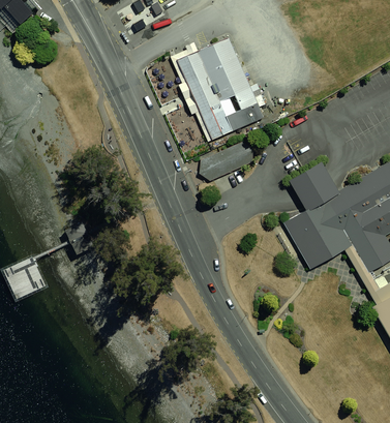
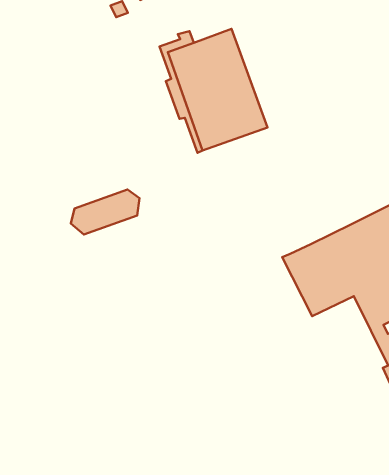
building: [199,142,253,181] -> [71,190,140,234]
building: [290,162,338,210] -> none

